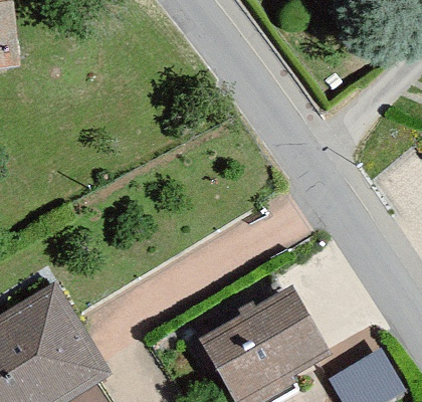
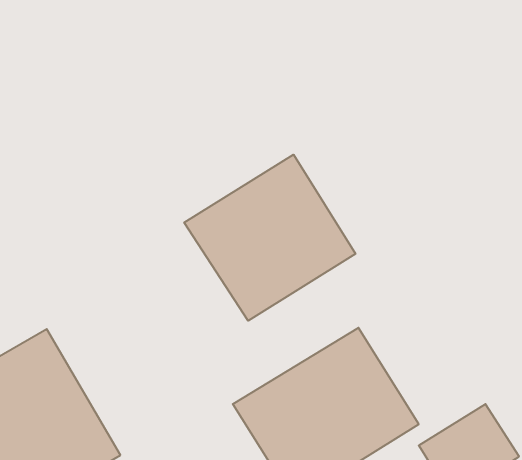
building: none -> [184,155,355,321]

